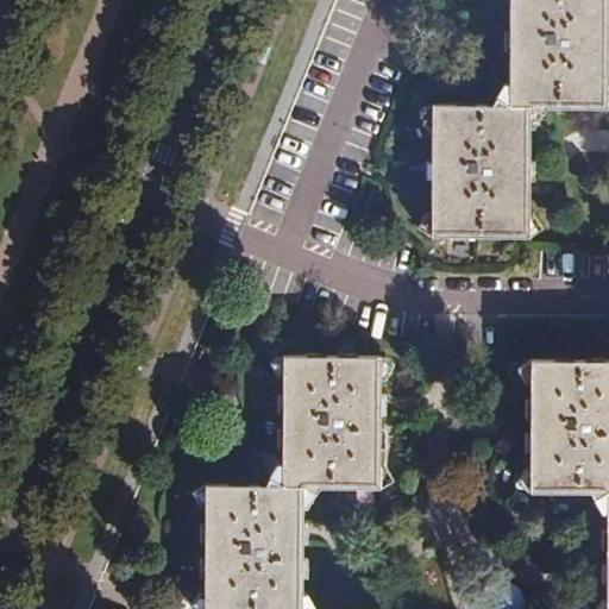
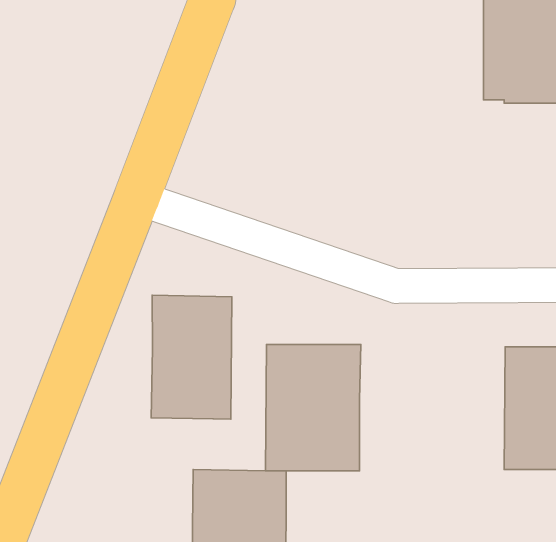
building: [429,103,529,237] -> none
building: none -> [151,295,232,419]

